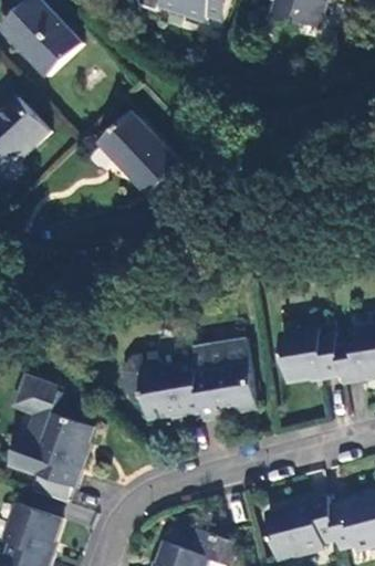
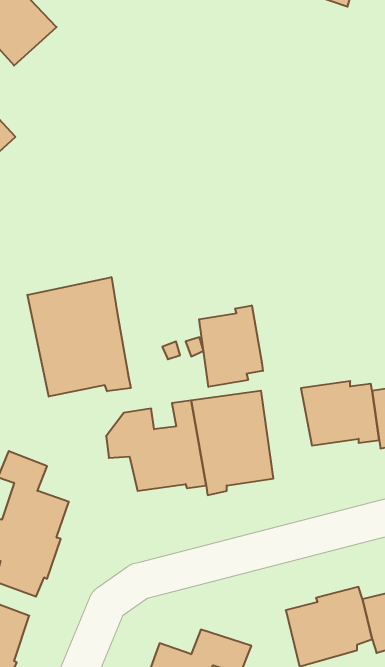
building: [100,114,178,192] -> none
building: none -> [27,277,131,397]
building: none -> [199,305,263,387]

